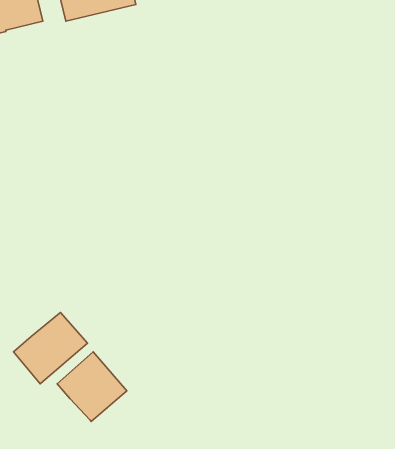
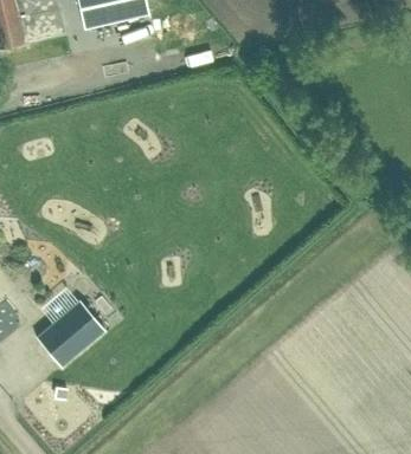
building: [57,352,127,421] -> none

